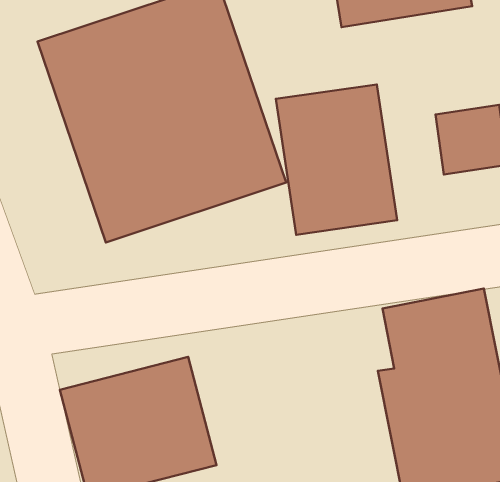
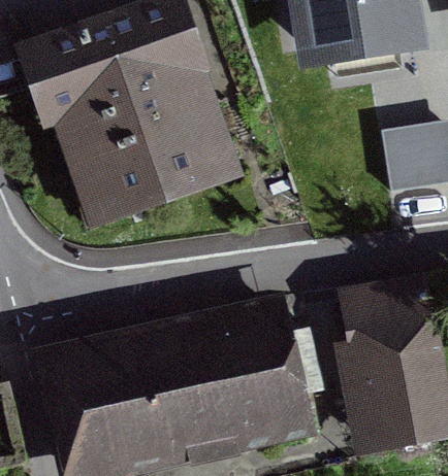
building: [276,84,397,235] -> none
building: none -> [166,312,303,436]

